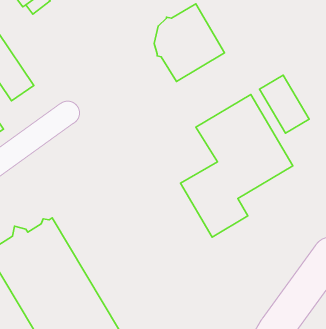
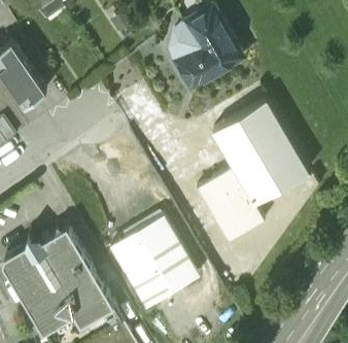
building: [260,75,309,133] -> none
building: none -> [110,216,200,309]

